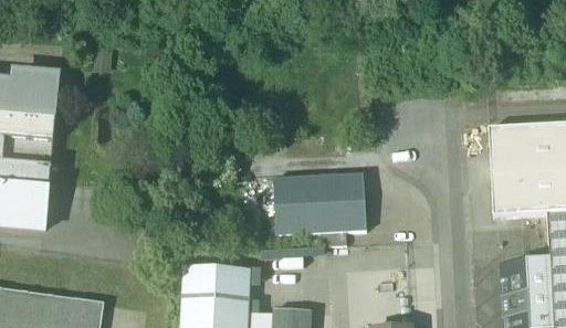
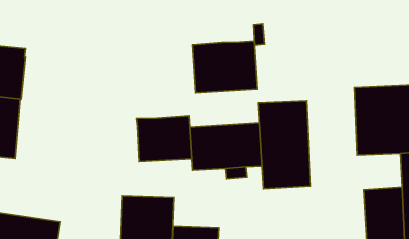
building: none -> [192,41,257,93]
building: none -> [258,101,311,189]
building: none -> [137,116,192,161]

